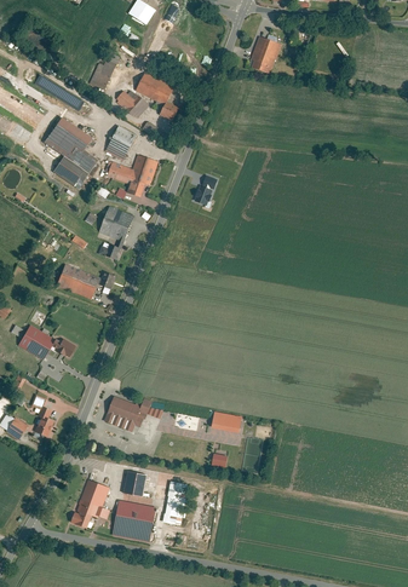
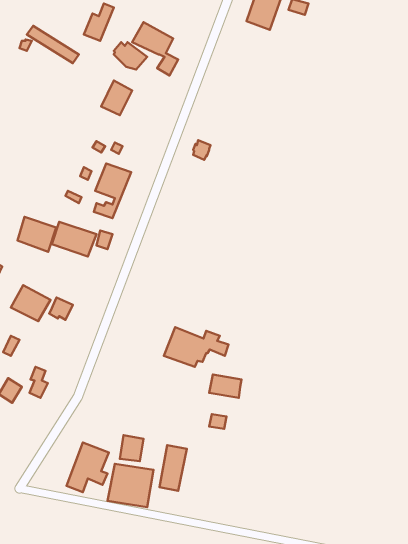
building: [44,117,97,189] -> none
building: [107,154,159,197] -> none
building: none -> [17,217,56,252]
building: [102,393,165,432] -> [164,327,228,367]

